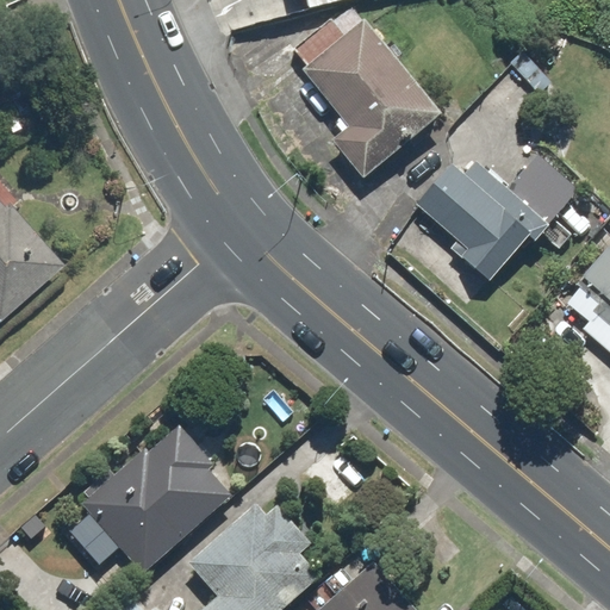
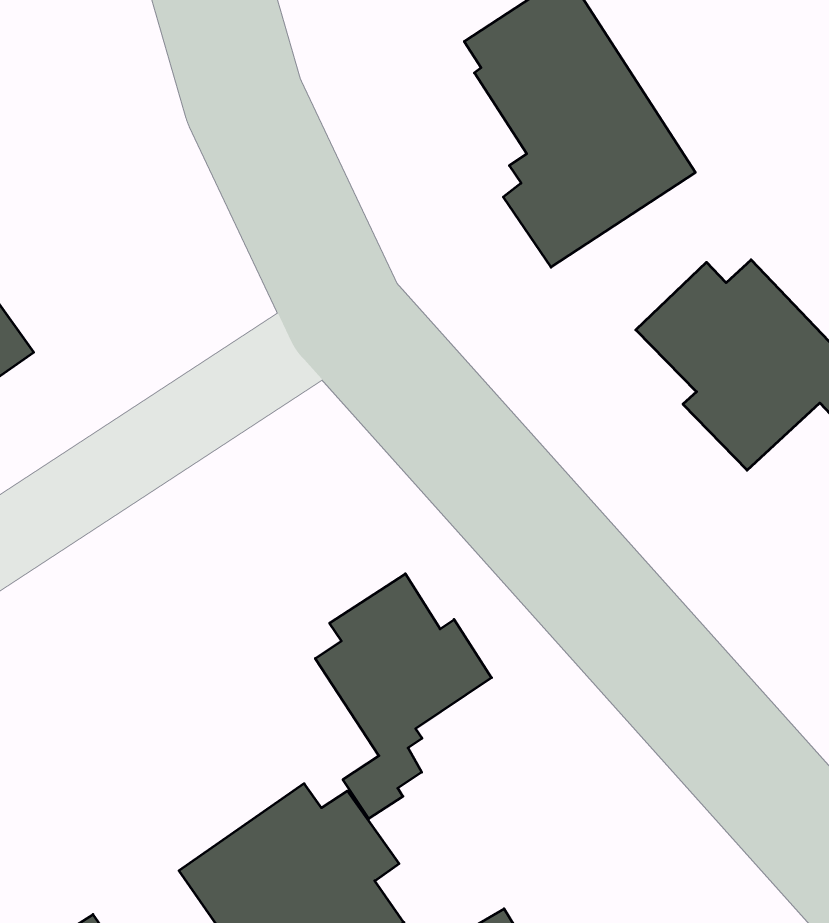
building: none -> [315,574,492,819]
building: [81,425,231,574] -> none

